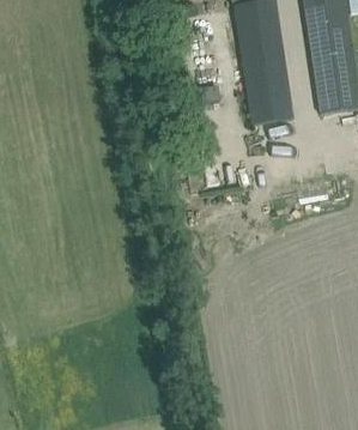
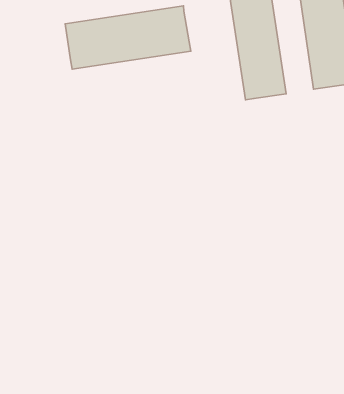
building: none -> [65,6,191,69]

